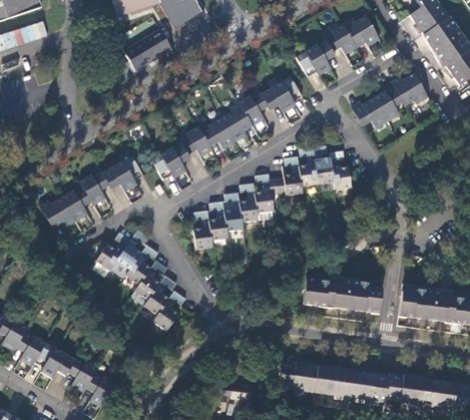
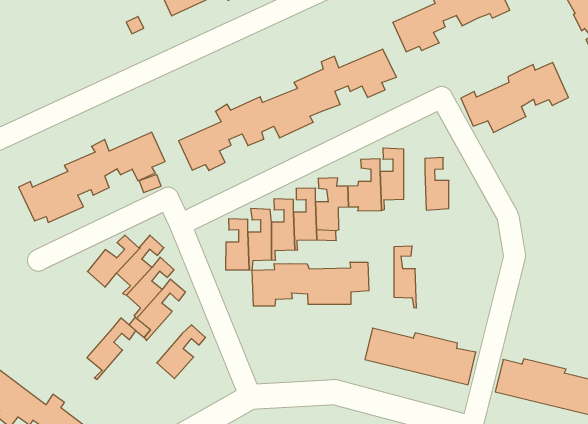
building: [313,146,334,190] -> [394,246,416,308]
building: none -> [252,262,369,306]
building: [143,276,176,322] -> [87,318,136,379]

